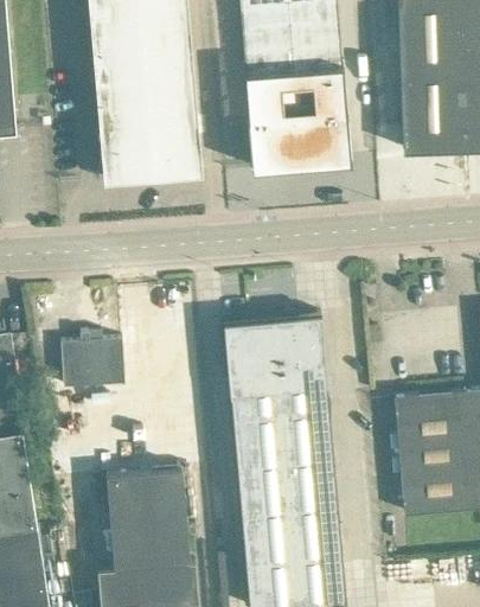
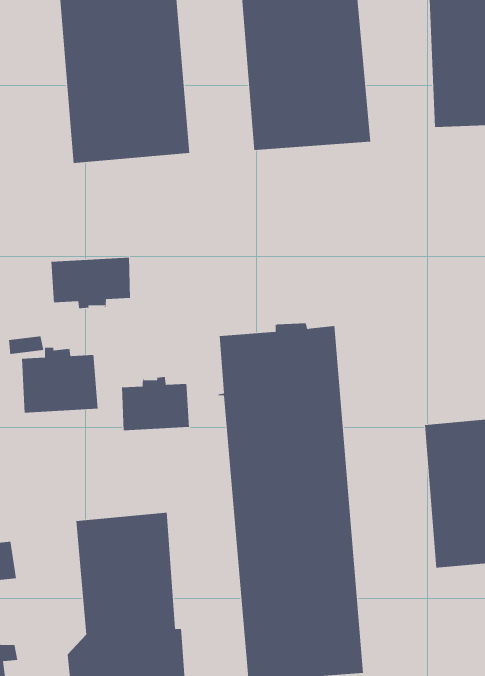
building: none -> [51,257,131,309]
building: none -> [122,376,190,431]

